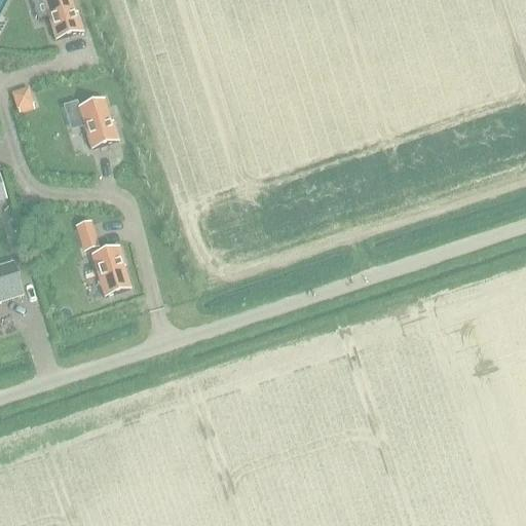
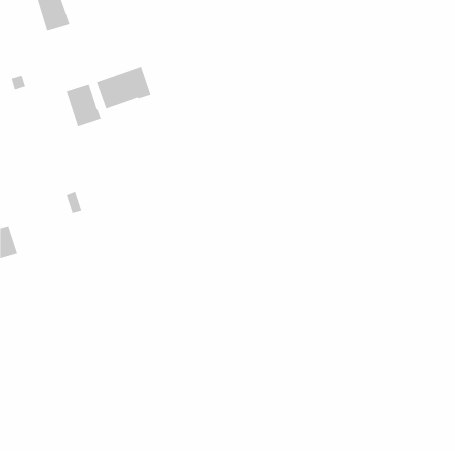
building: none -> [96,66,151,109]
building: [89,243,128,293] -> none

